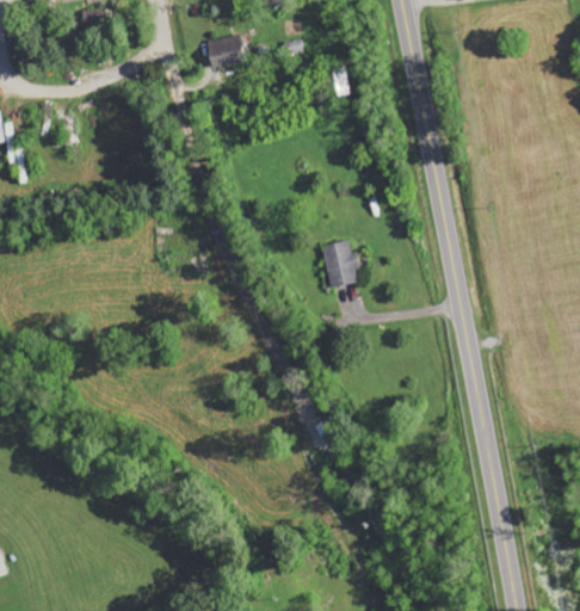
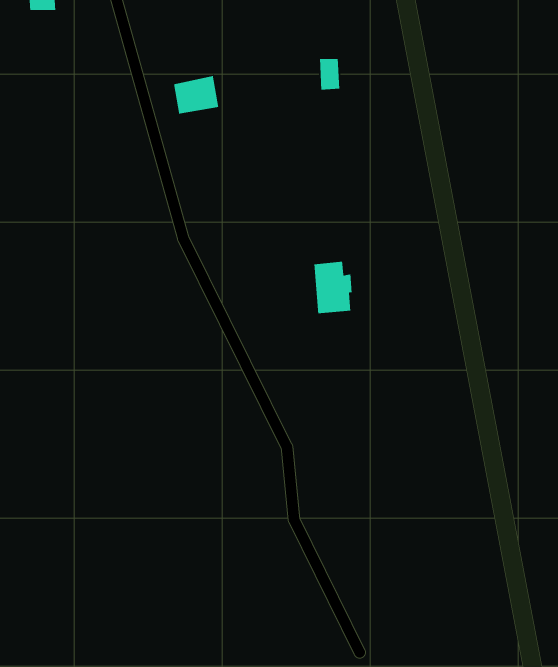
building: [205,33,245,67] -> [173,75,219,114]

